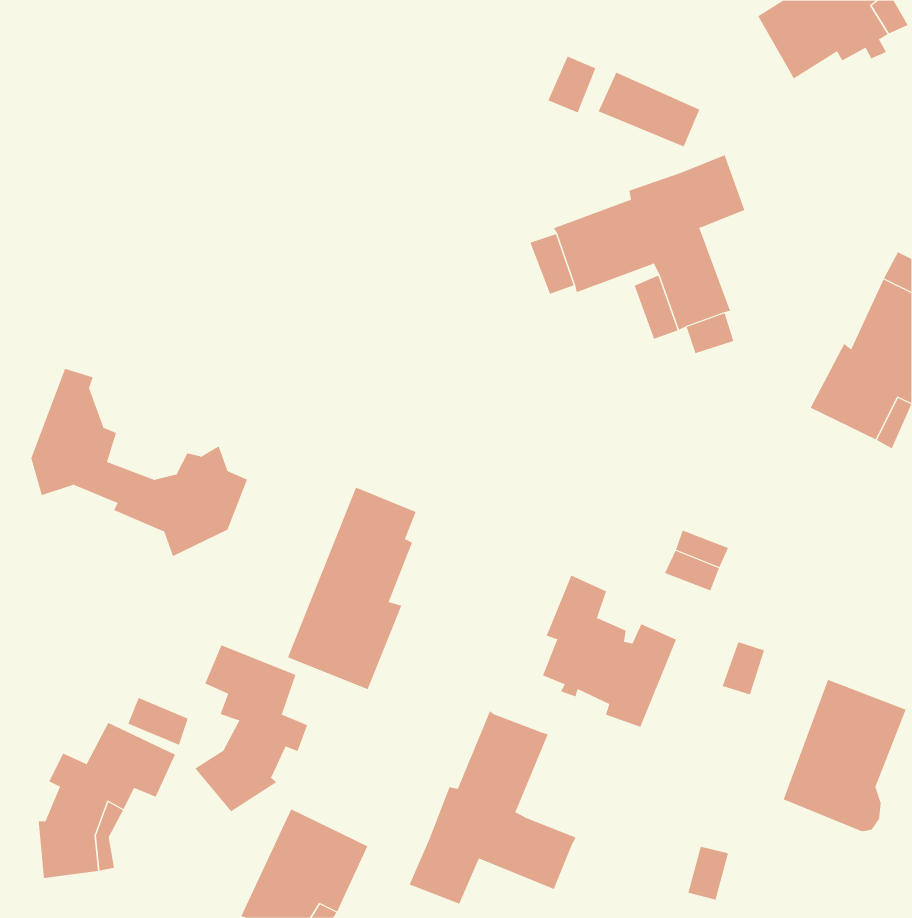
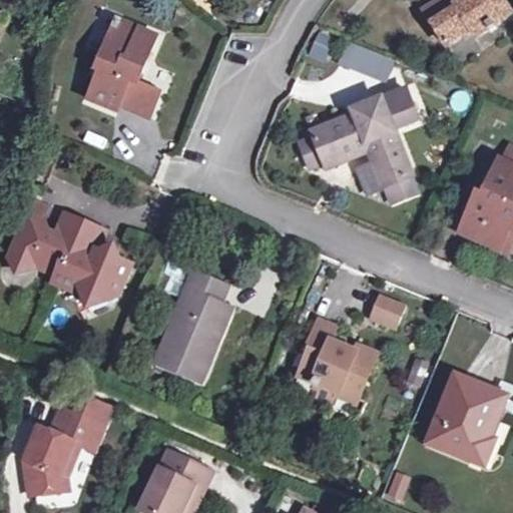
building: none -> [88,19,158,113]
building: none -> [58,216,111,268]
building: [194,645,308,812] -> none
building: [409,710,576,905] -> none

